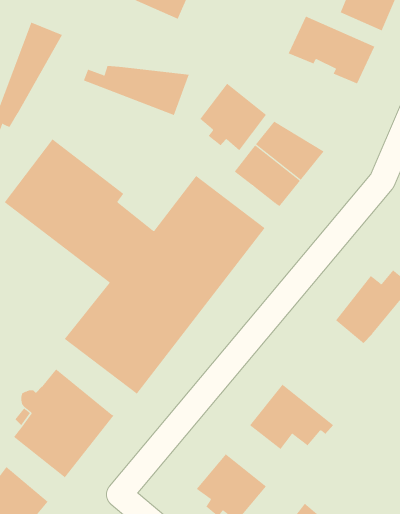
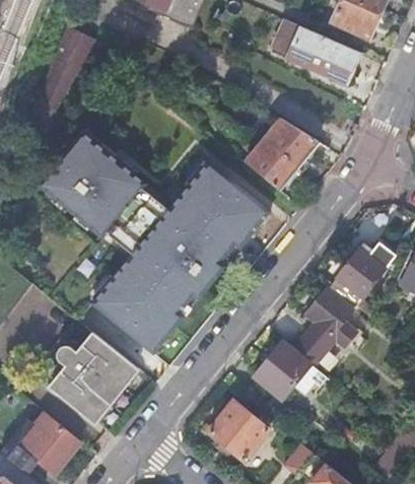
building: [83,65,190,116] -> none
building: [199,83,267,151] -> none
building: none -> [290,287,358,367]

